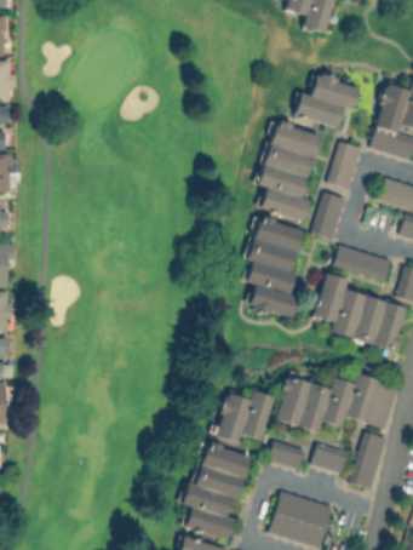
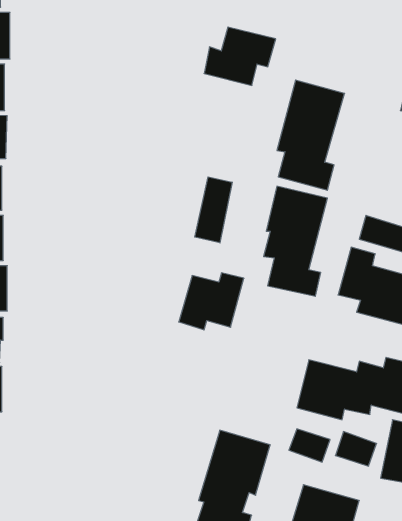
building: [294,75,360,128] -> [204,27,276,85]
building: [327,142,360,188] -> none
building: [311,193,345,239] -> none
building: none -> [195,177,232,243]
building: [216,391,275,443] -> [179,273,244,330]

